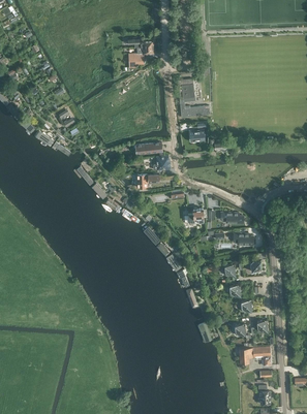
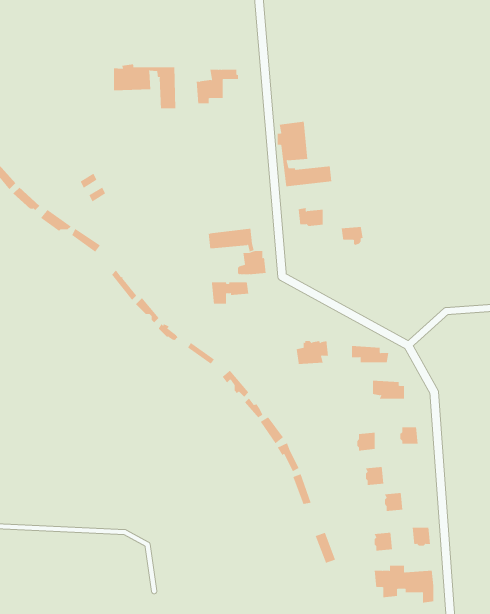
building: none -> [114,64,176,109]

